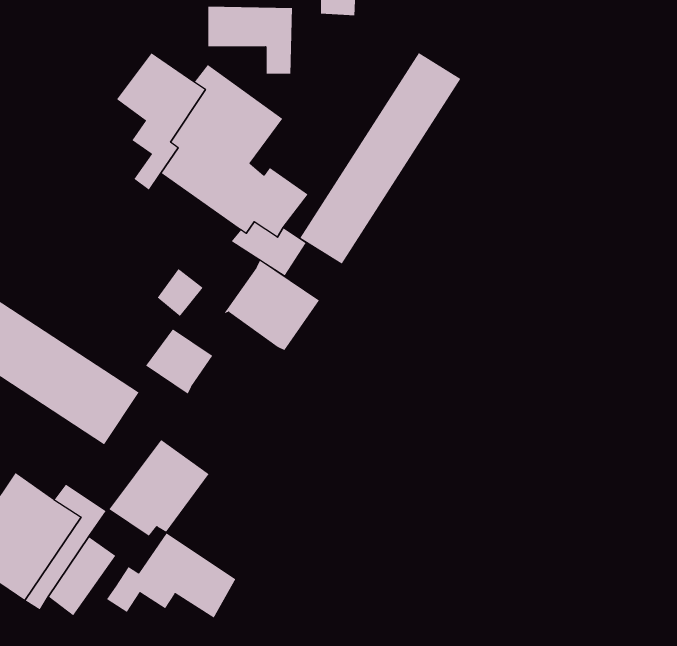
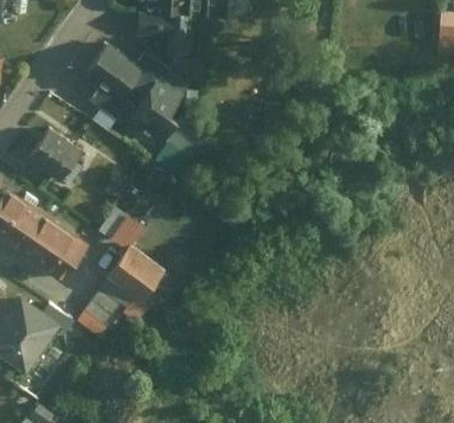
building: [299,52,461,265] -> none
building: none -> [26,127,83,181]
building: [223,260,320,351] -> [107,245,166,301]
building: [106,533,236,618] -> none

